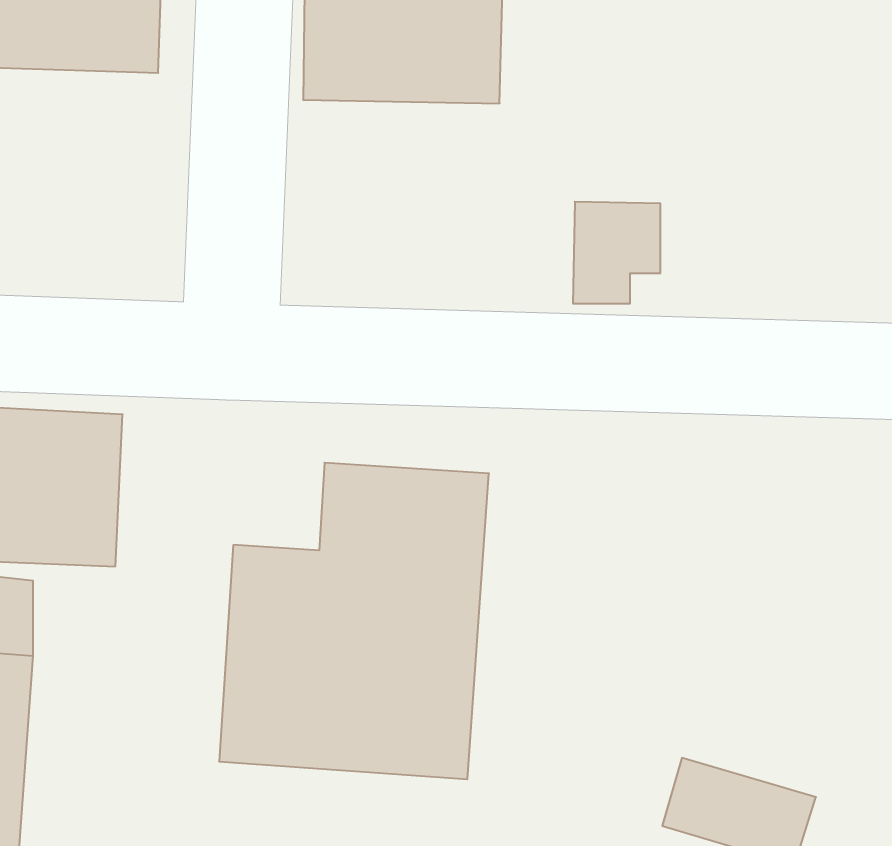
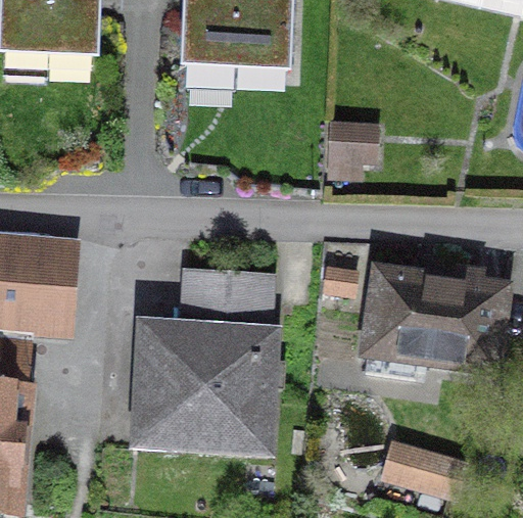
building: none -> [360,265,510,375]

